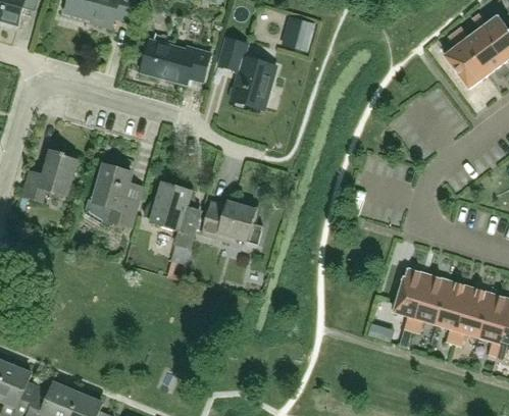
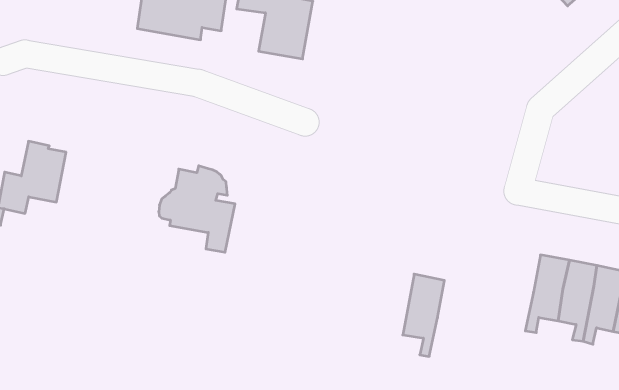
building: [85,164,144,226] -> none
building: [203,200,262,244] -> none
building: [393,266,428,329] -> [403,274,444,356]

